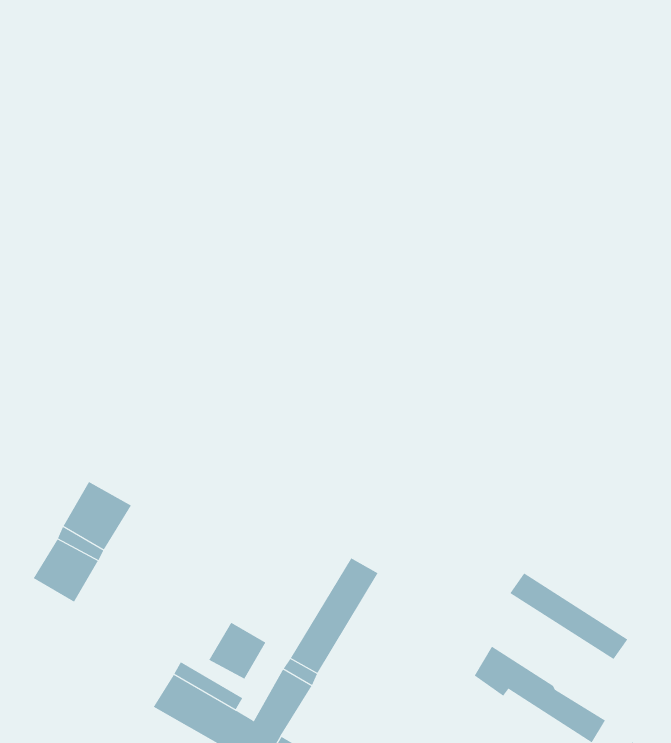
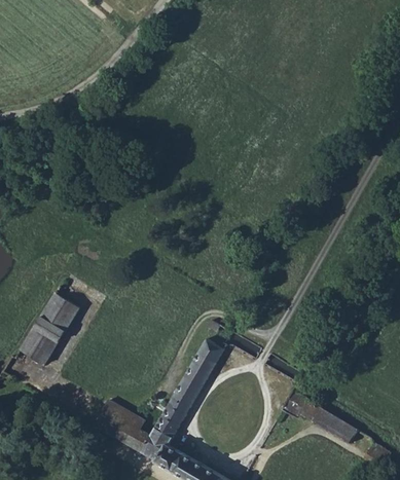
building: [510,573,628,660] -> none
building: [208,622,266,680] -> none

